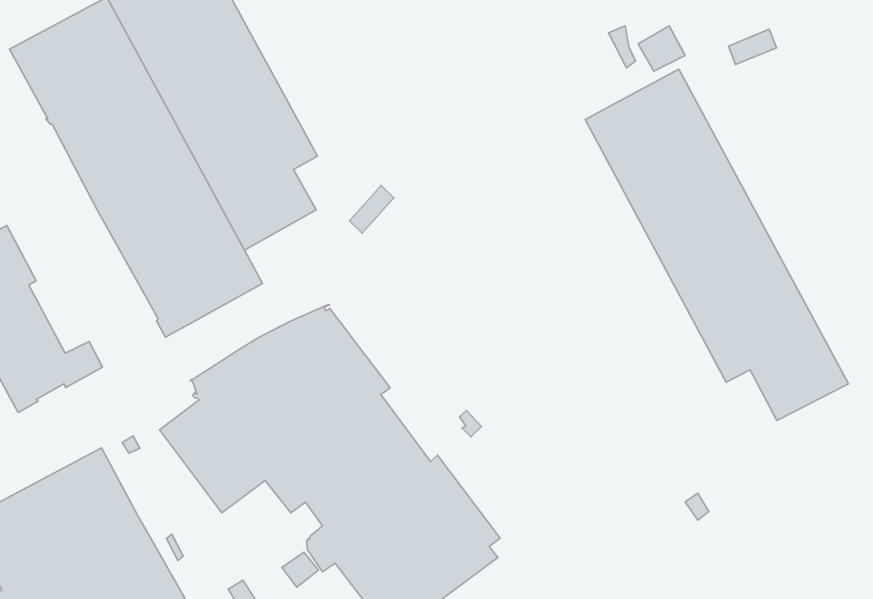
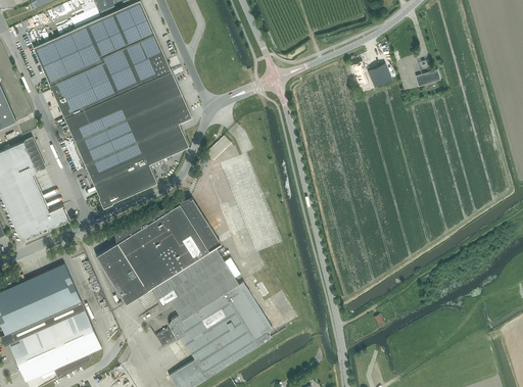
building: [585,69,848,421] -> none

